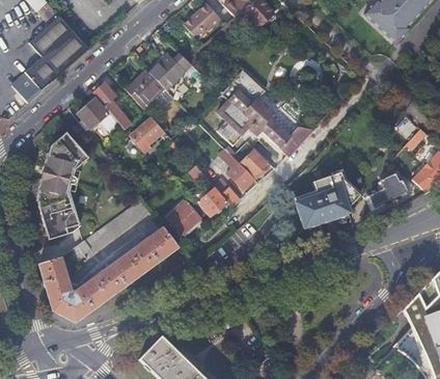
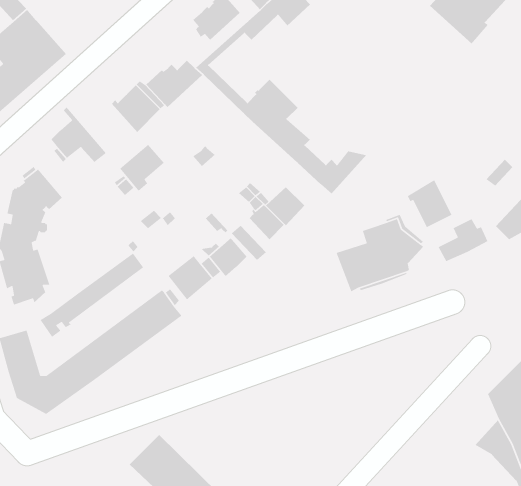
building: [90,82,132,129] -> none
building: [218,100,264,145] -> none
building: none -> [407,179,452,228]

